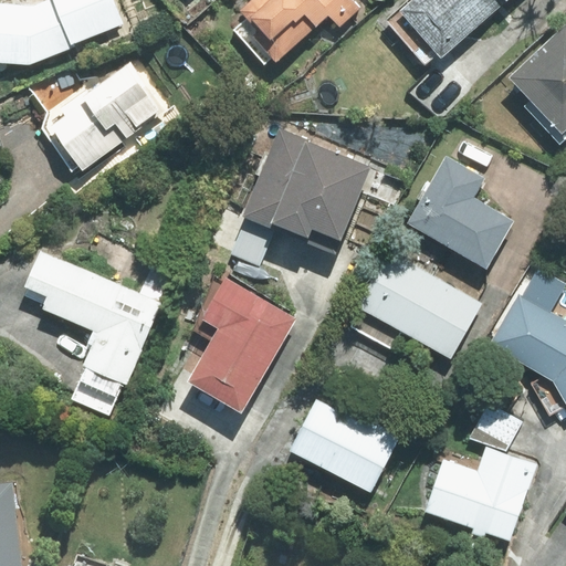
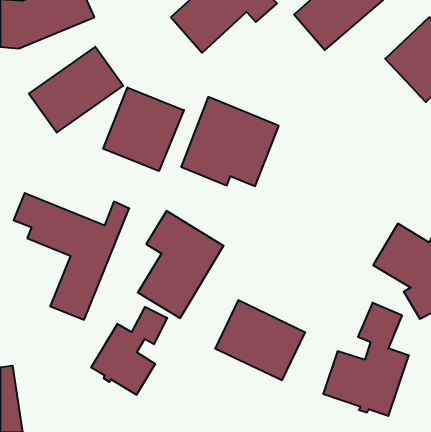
building: none -> [103,87,184,171]
building: [403,150,514,271] -> none
building: [349,245,486,360] -> none
building: none -> [91,307,167,395]

